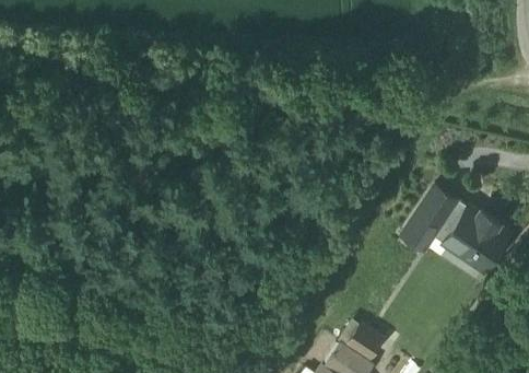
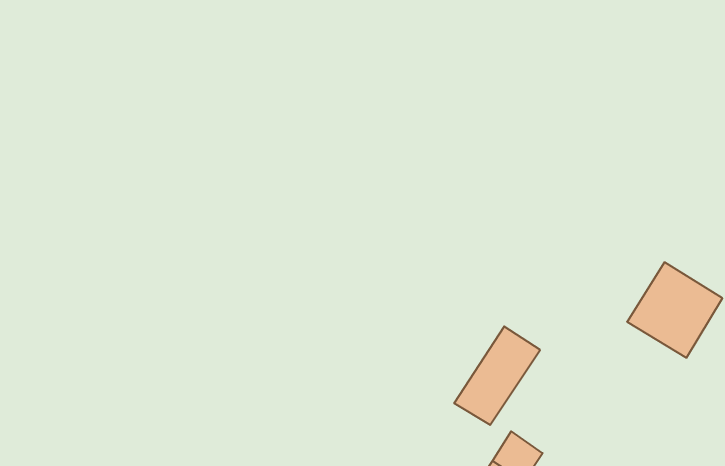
building: [398,183,458,252] -> [454,326,540,425]

